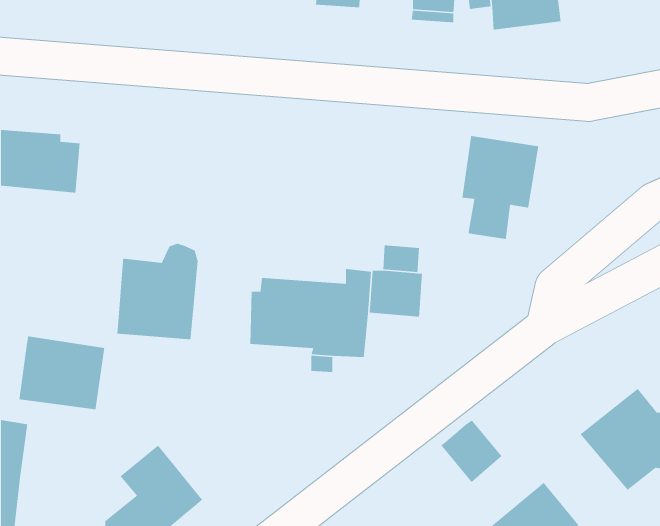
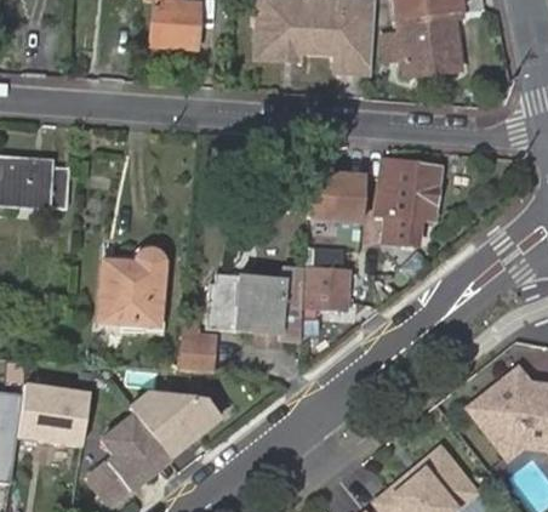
building: none -> [308,175,365,223]
building: [18,335,105,410] -> [19,387,90,448]
building: none -> [177,326,217,379]
building: [440,419,503,483] -> none
building: none -> [127,393,218,457]

